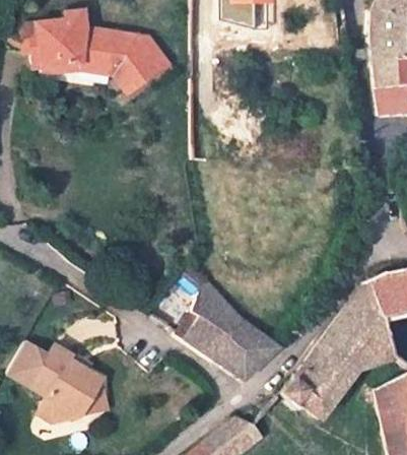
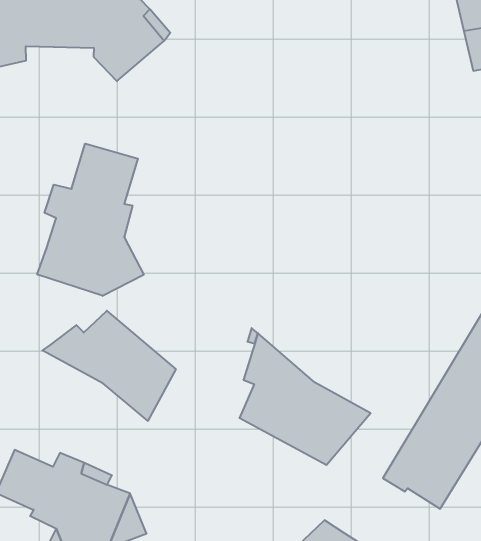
building: none -> [37,144,144,296]
building: none -> [42,311,176,421]

